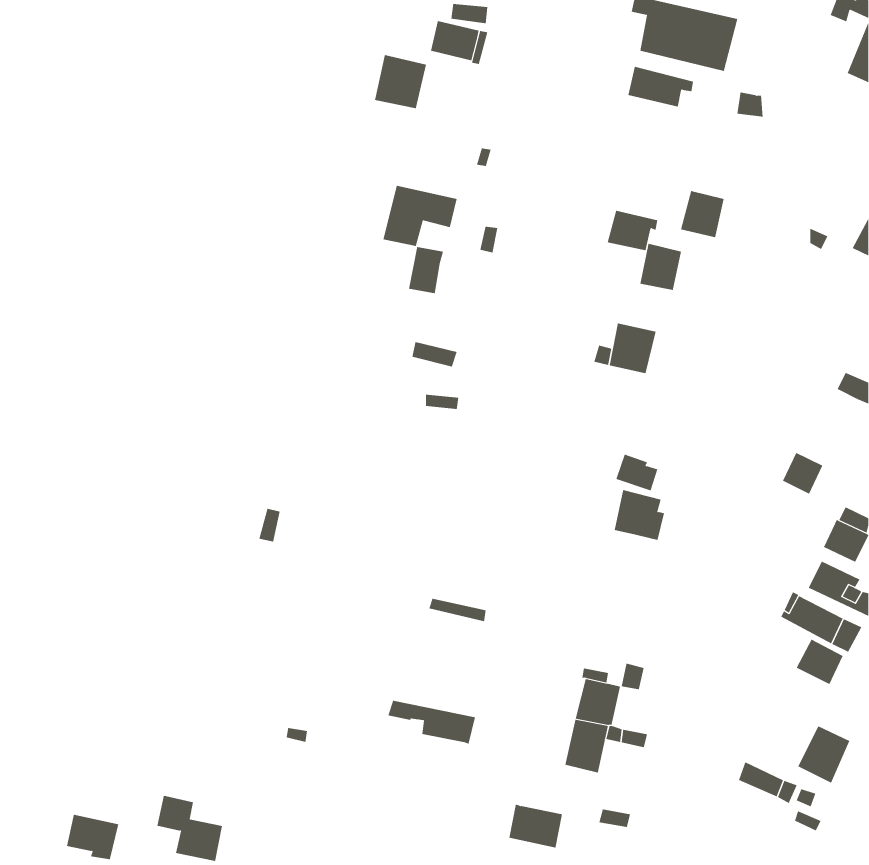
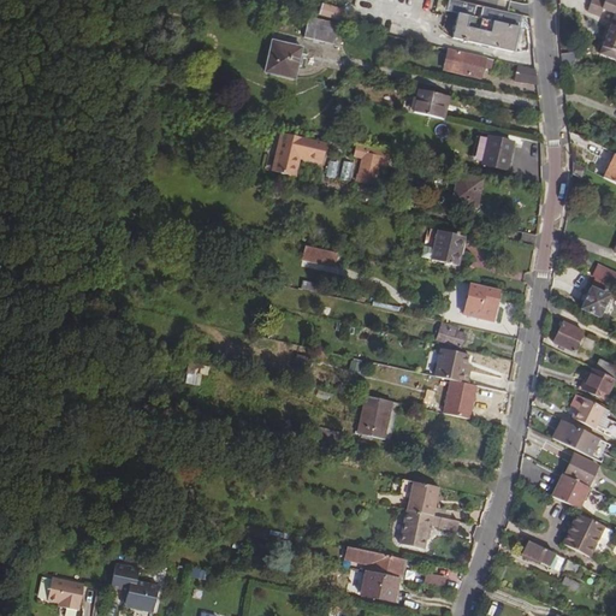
building: [607,210,658,251] -> [413,88,449,117]
building: [408,246,444,294] -> [356,150,381,184]
building: none -> [580,277,609,316]
building: none -> [462,283,499,320]
building: none -> [443,379,474,417]
building: none -> [357,395,392,438]
building: none -> [551,473,588,508]
building: [387,700,476,744] -> [344,546,407,578]

